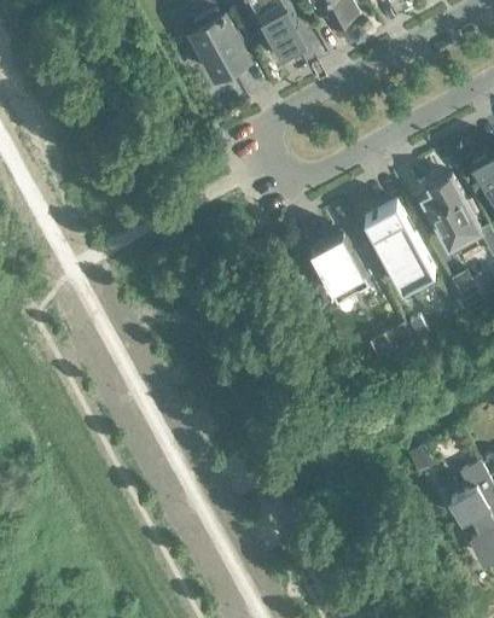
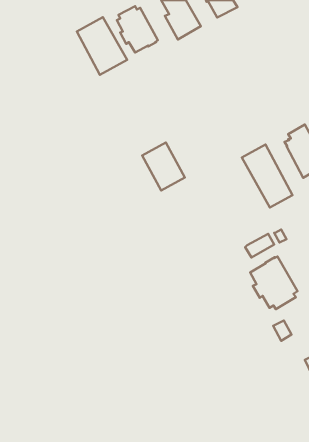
building: none -> [77,17,127,75]
building: [312,233,371,299] -> [142,142,185,191]
building: none -> [250,257,298,309]

